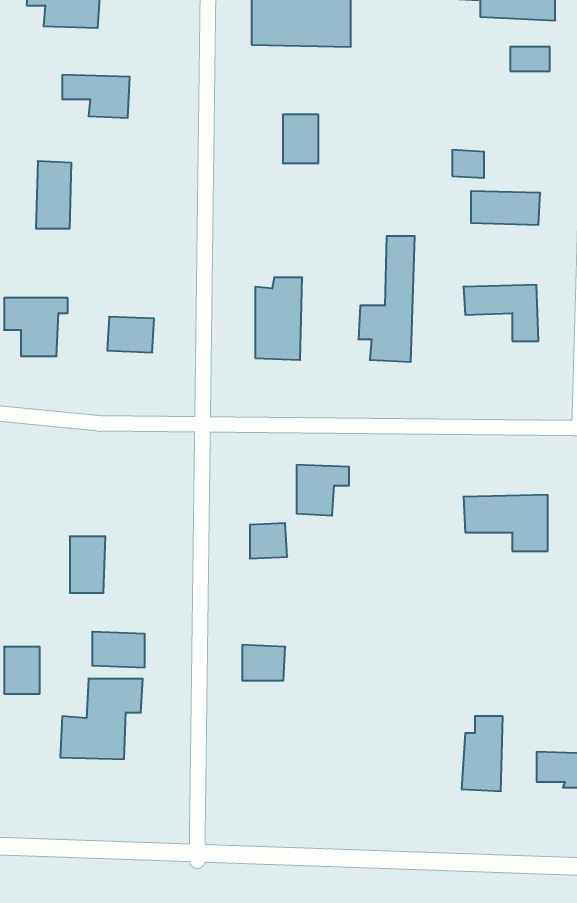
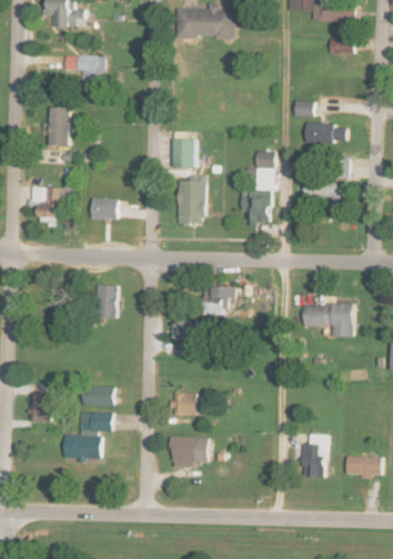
building: [283,115,318,163] -> [172,139,193,167]
building: [70,536,105,593] -> [95,285,117,318]
building: none -> [168,437,206,466]

